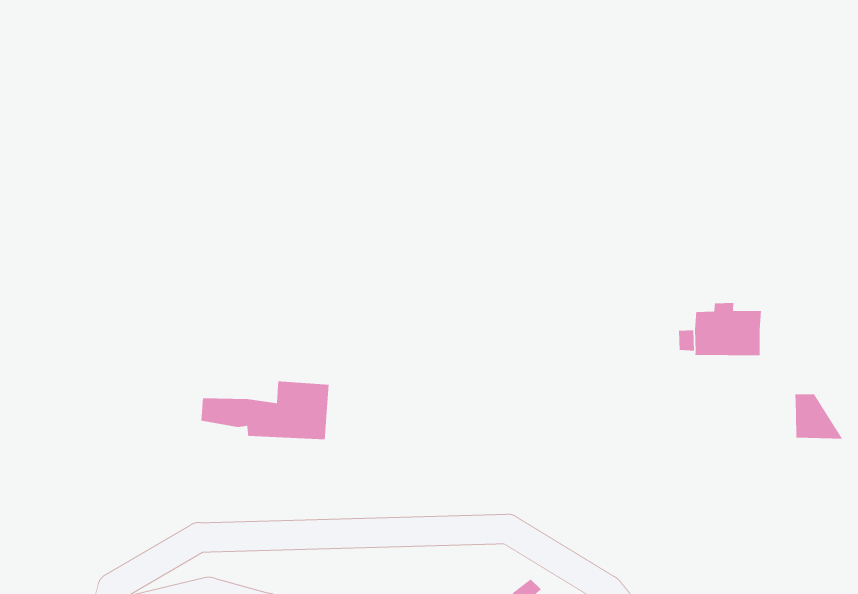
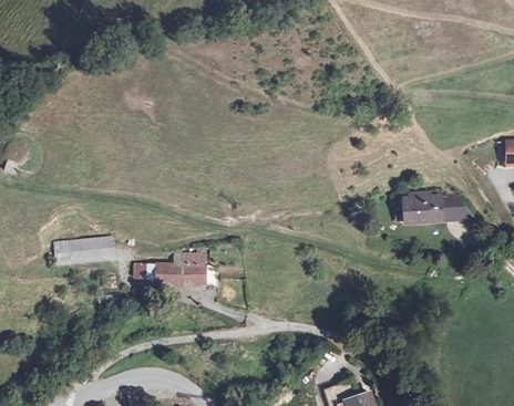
building: none -> [56,238,114,263]
building: [794,393,843,439] -> [445,194,474,219]

